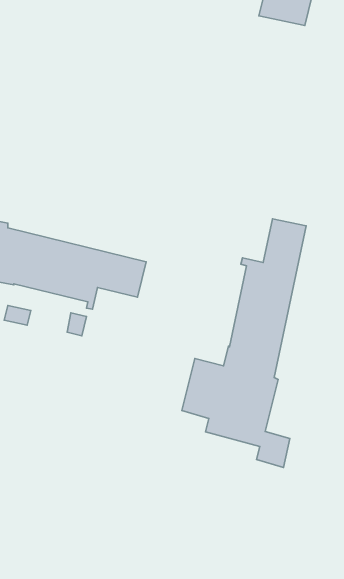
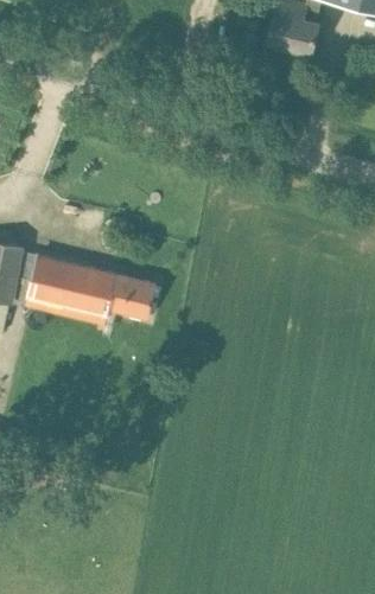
building: [182,219,306,468] -> none

